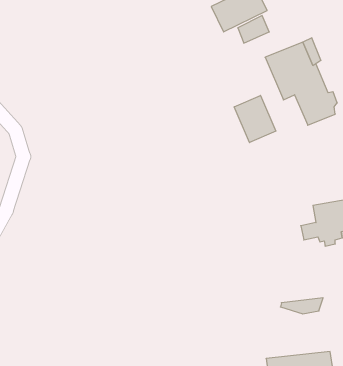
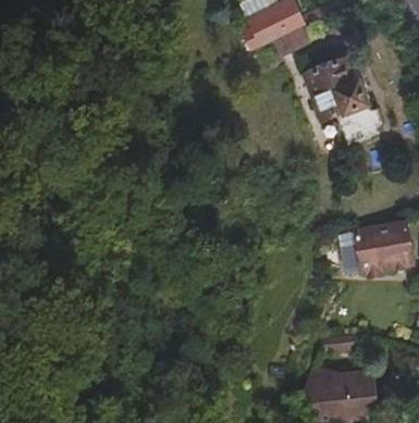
building: [234,95,276,143] -> none
building: none -> [303,360,374,395]

